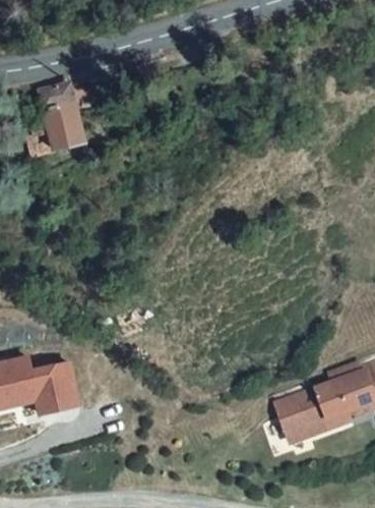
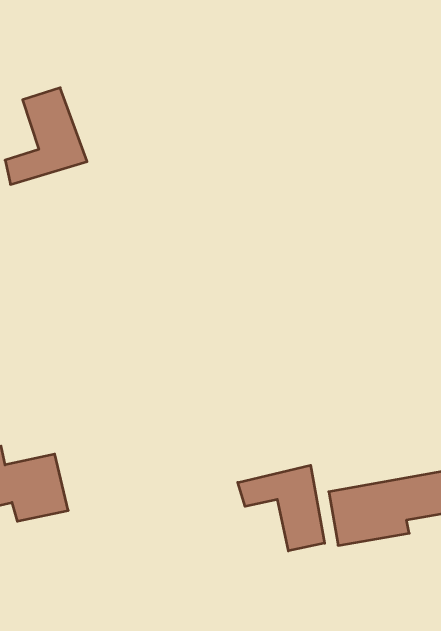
building: none -> [238,465,325,551]

